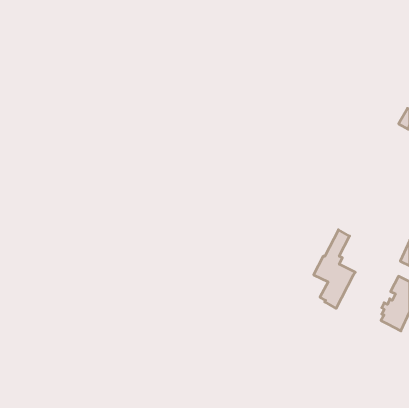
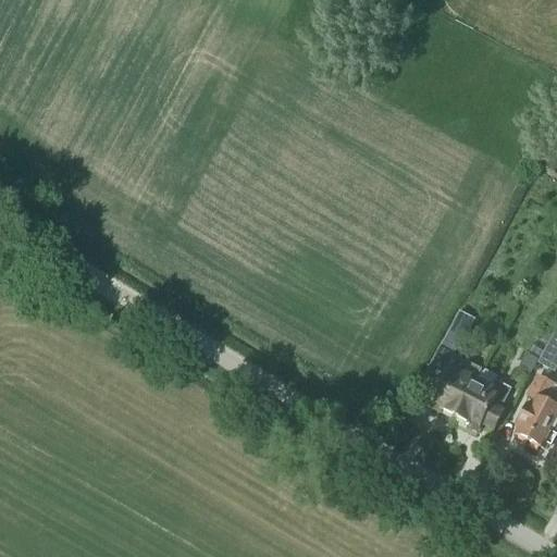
building: none -> [457,369,512,430]

